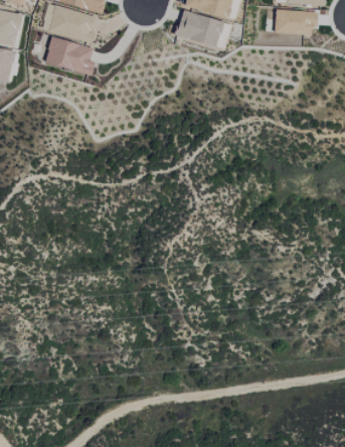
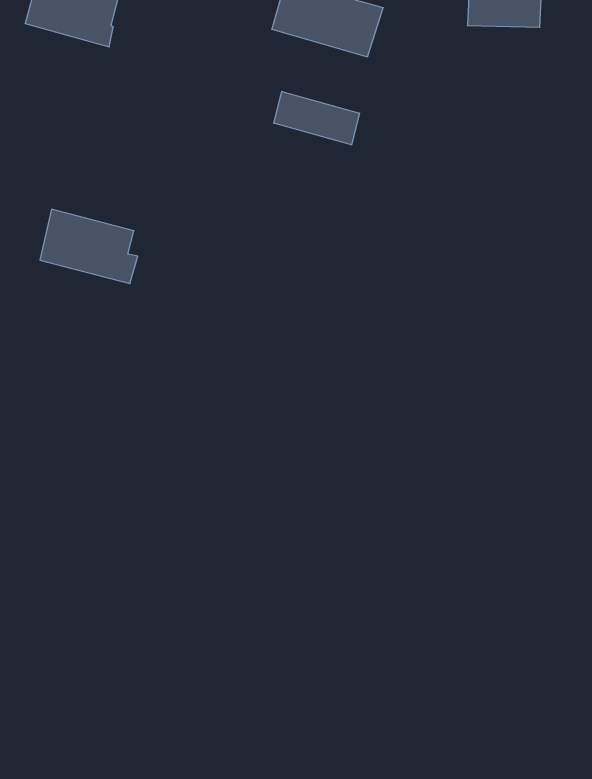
building: [44,36,95,74] -> [40,209,138,284]
building: none -> [274,91,360,145]

